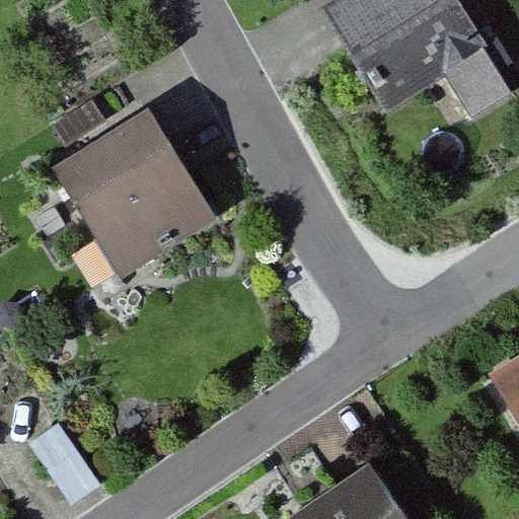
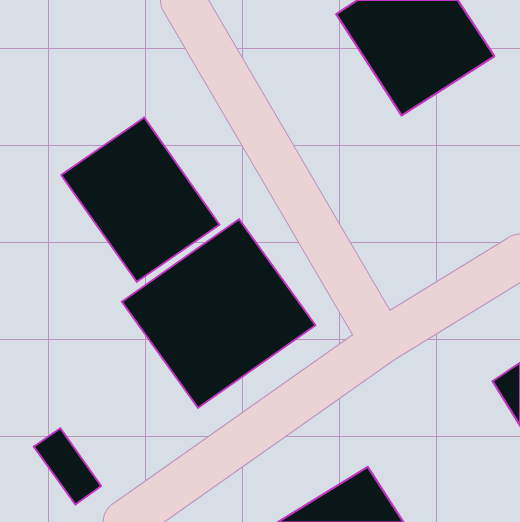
building: none -> [122,219,315,408]

